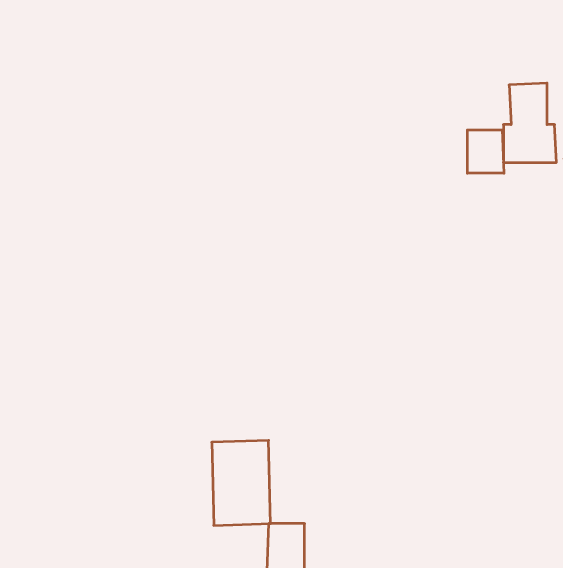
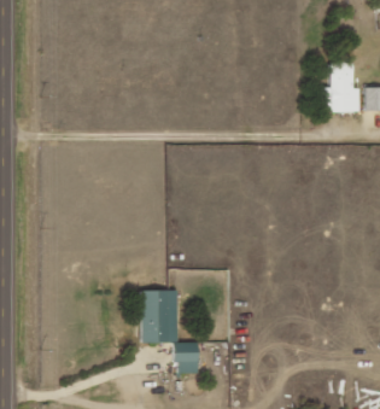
building: [467,130,504,173] -> none

